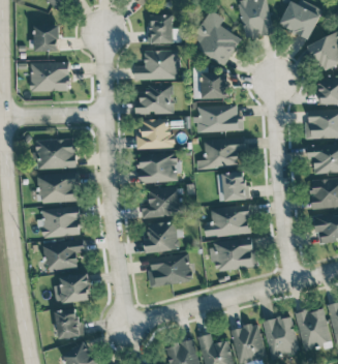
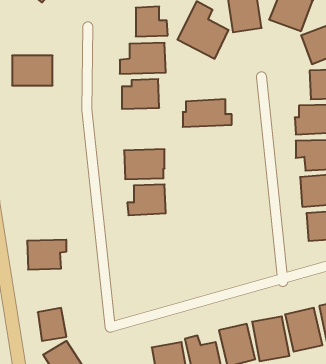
building: [34,25,59,52] -> none
building: [202,73,228,98] -> none
building: [136,119,175,149] -> none
building: [196,138,246,168] -> none
building: [35,139,75,169] -> none
building: [217,172,247,201] -> none
building: [38,173,76,203] -> none
building: [204,205,251,238] -> none
building: [42,207,82,237] -> none
building: [145,221,177,251] -> none
building: [209,237,257,273] -> none
building: [148,256,191,286] -> none
building: [54,273,91,304] -> none

